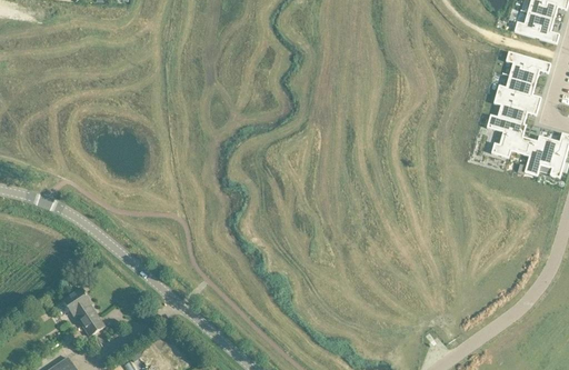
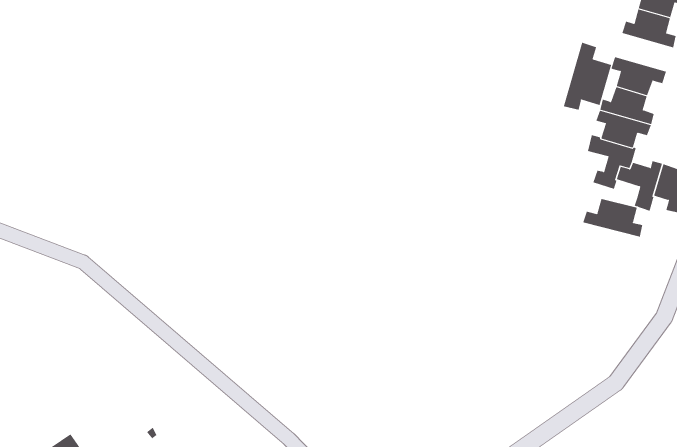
building: none -> [563,42,612,111]
building: none -> [582,198,643,237]
building: [62,287,104,336] -> none

